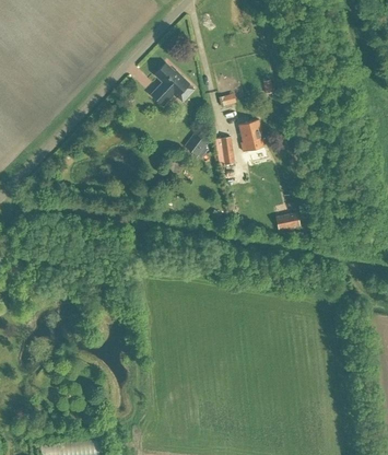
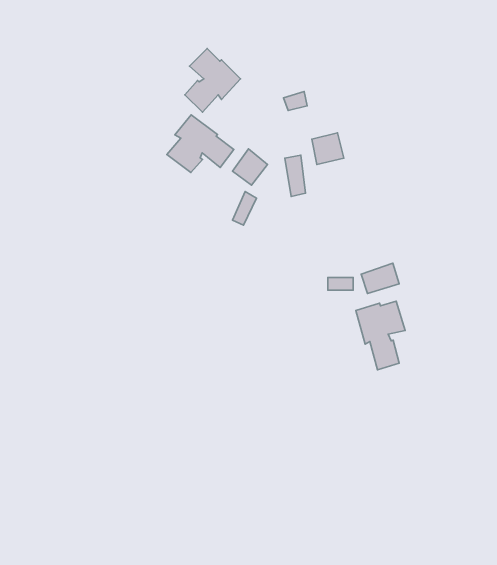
building: none -> [167,115,234,173]
building: none -> [356,301,405,370]

